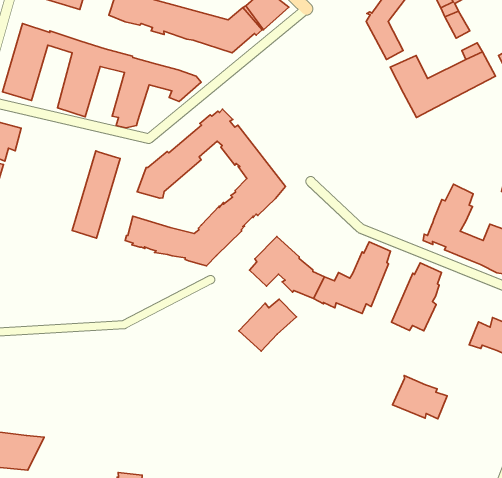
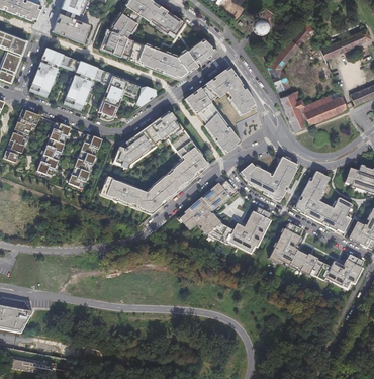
building: none -> [184,68,254,153]
building: none -> [34,121,71,177]
building: none -> [239,156,297,200]
building: [239,299,296,351] -> [198,179,236,211]
building: [392,375,447,419] -> [287,247,322,276]

